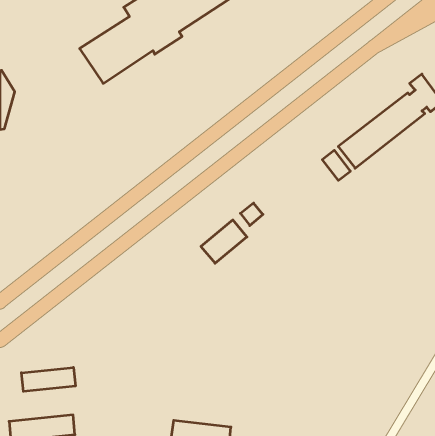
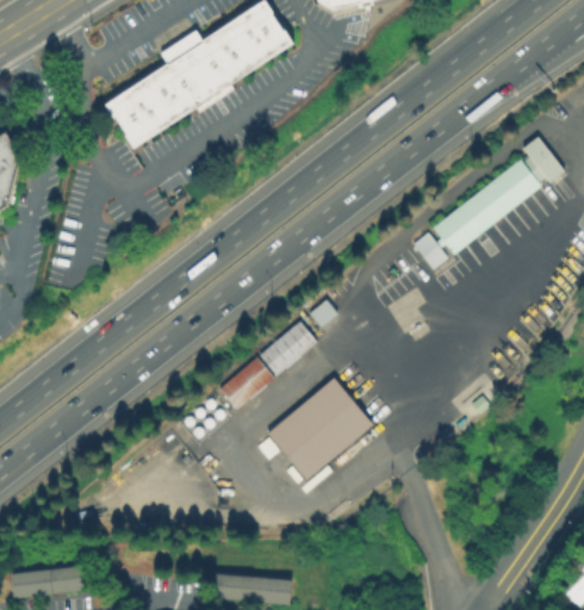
building: none -> [218,356,273,409]
building: none -> [267,378,372,480]
building: [21,367,75,391] -> none

